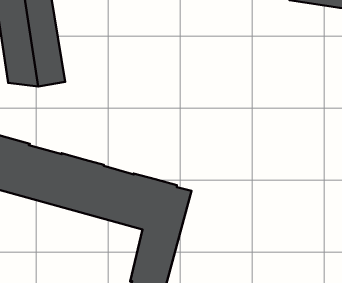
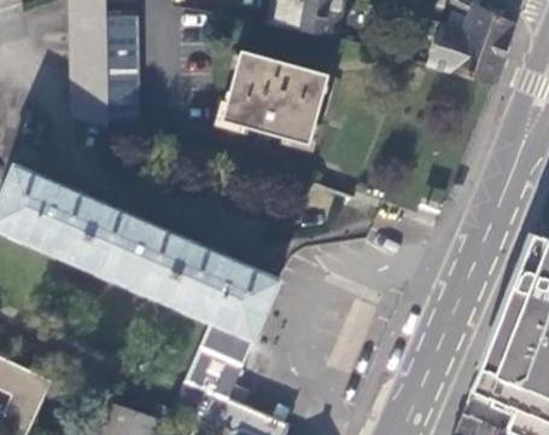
building: none -> [222,51,327,144]

